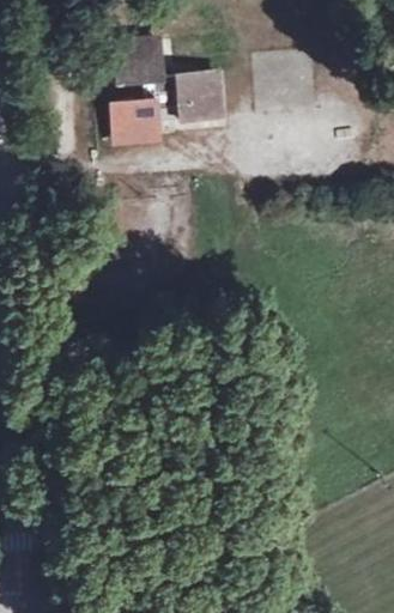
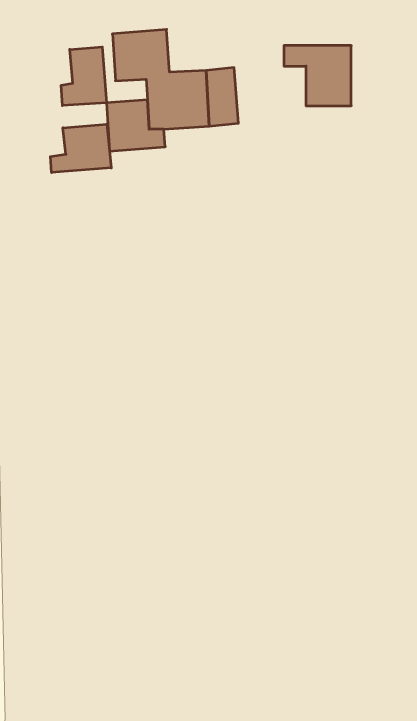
building: none -> [61,47,107,106]
building: none -> [50,124,111,173]

